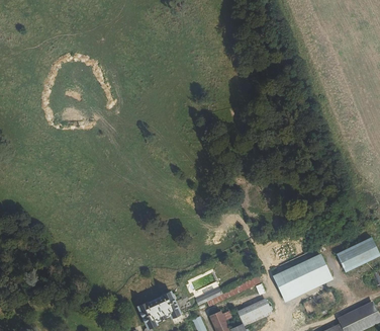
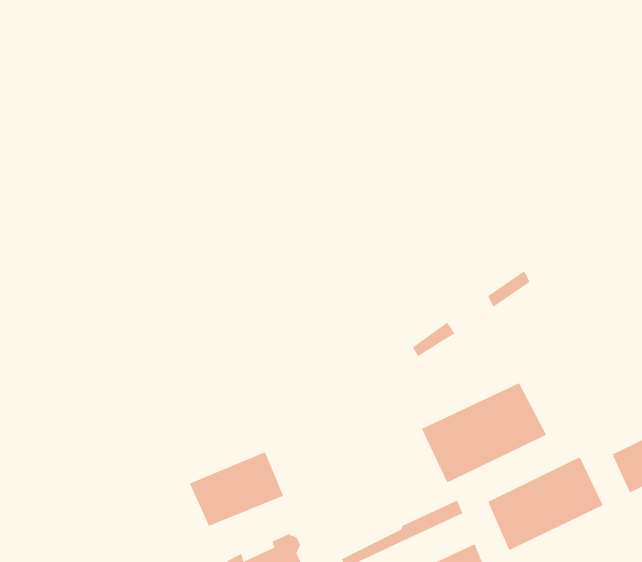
building: none -> [421,382,547,483]
building: none -> [189,451,284,527]

